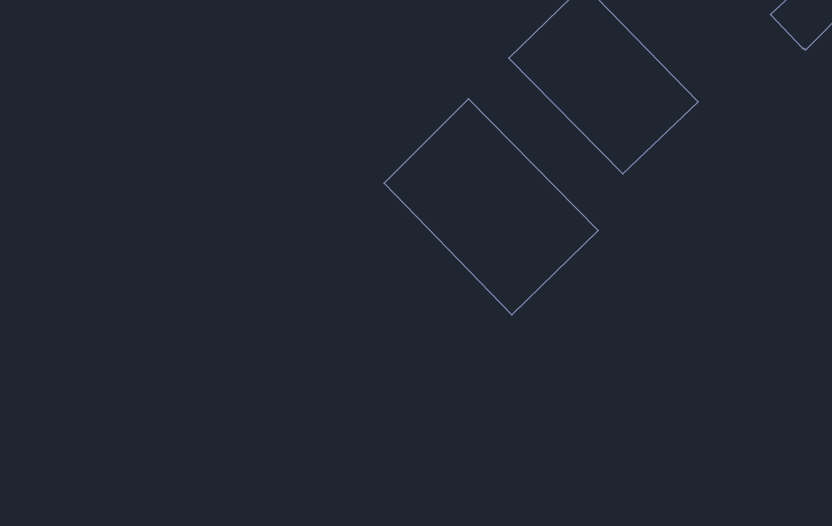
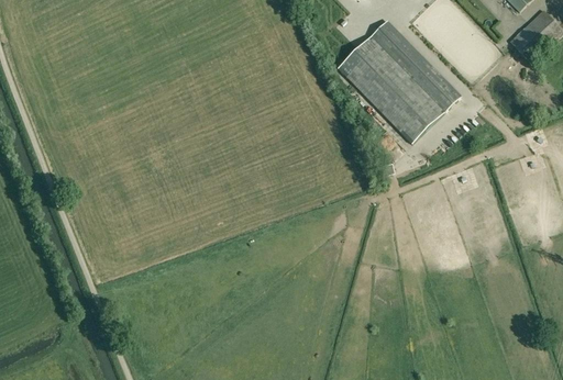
building: [384,99,598,315] -> none

